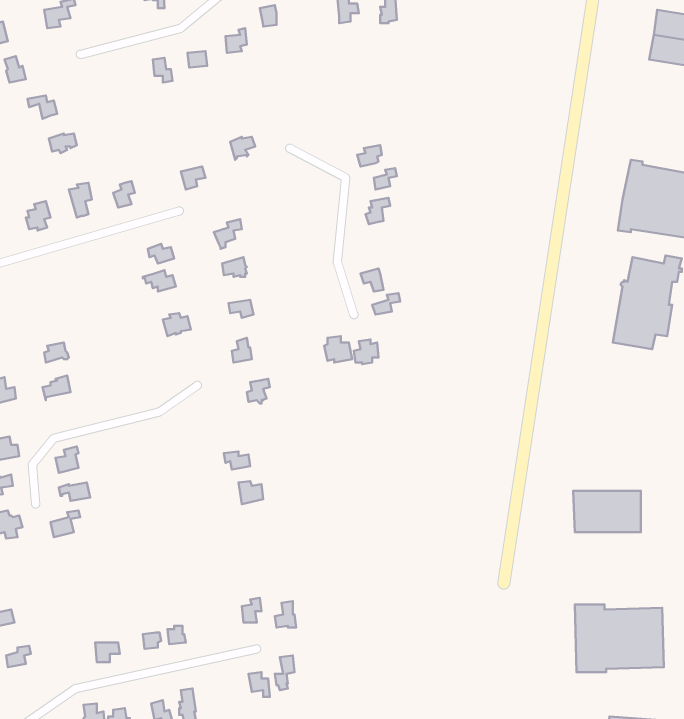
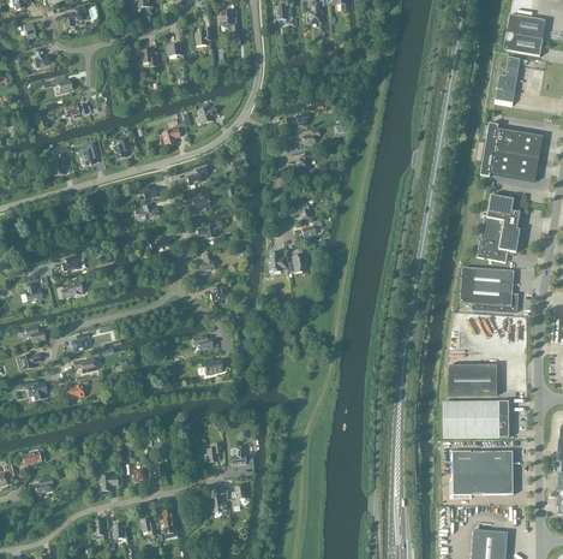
building: none -> [496,55,522,106]
building: none -> [461,266,520,313]
building: none -> [444,400,509,438]

